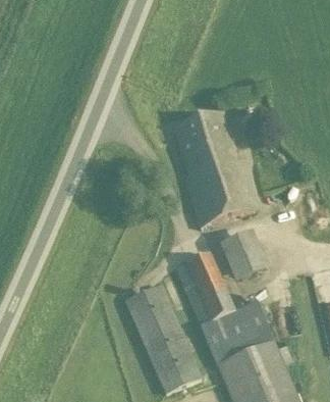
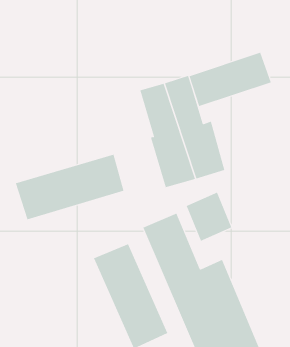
building: none -> [189,52,271,107]
building: none -> [15,154,124,220]

